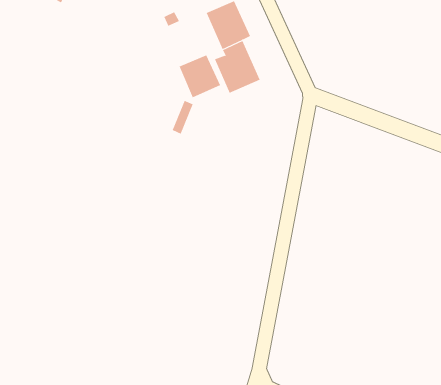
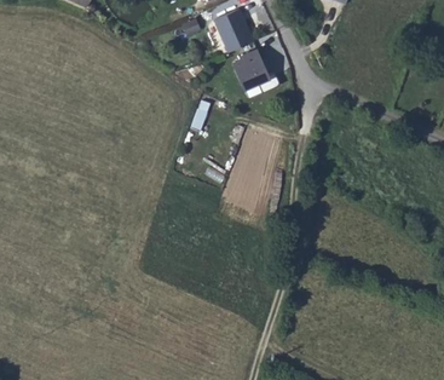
building: [179,54,221,98] -> none

